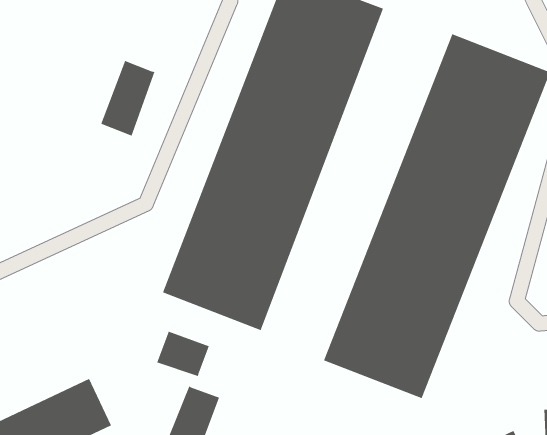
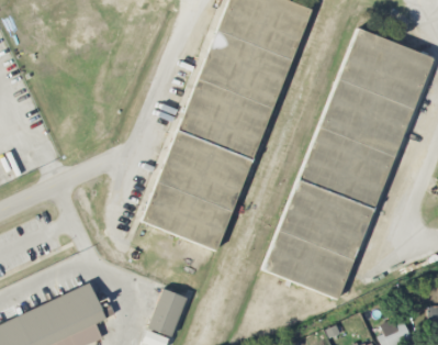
building: [100,60,155,136] -> none
building: [156,331,209,377] -> none

